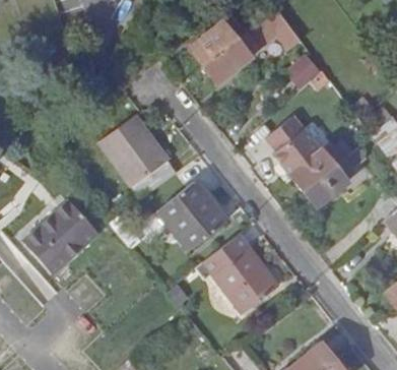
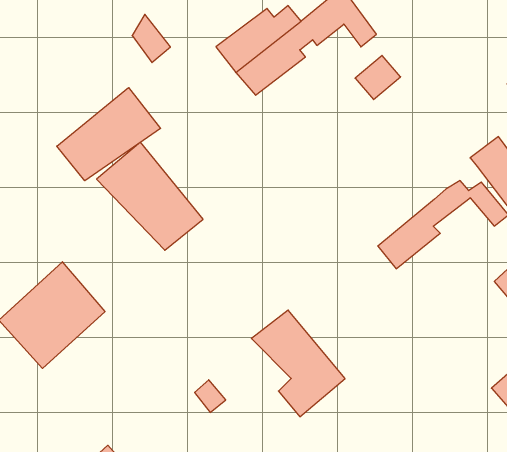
building: none -> [57,88,161,181]
building: [269,116,342,190] -> none
building: [163,181,226,244] -> none

